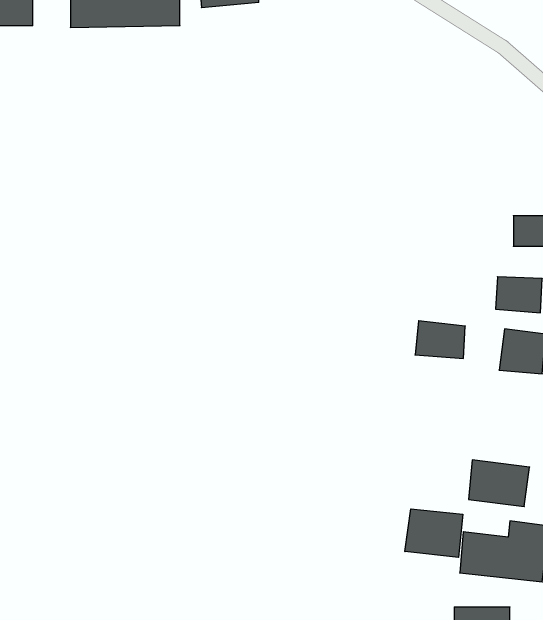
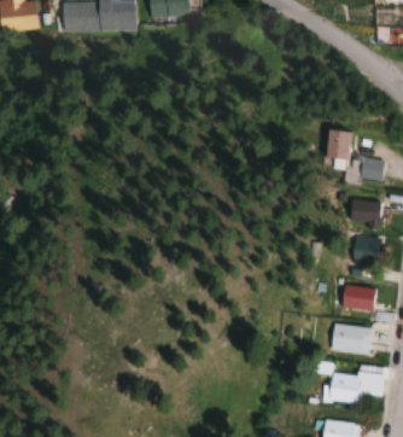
building: none -> [325,128,351,165]
building: [415,321,465,358] -> [341,284,375,309]
building: [405,509,463,557] -> none

